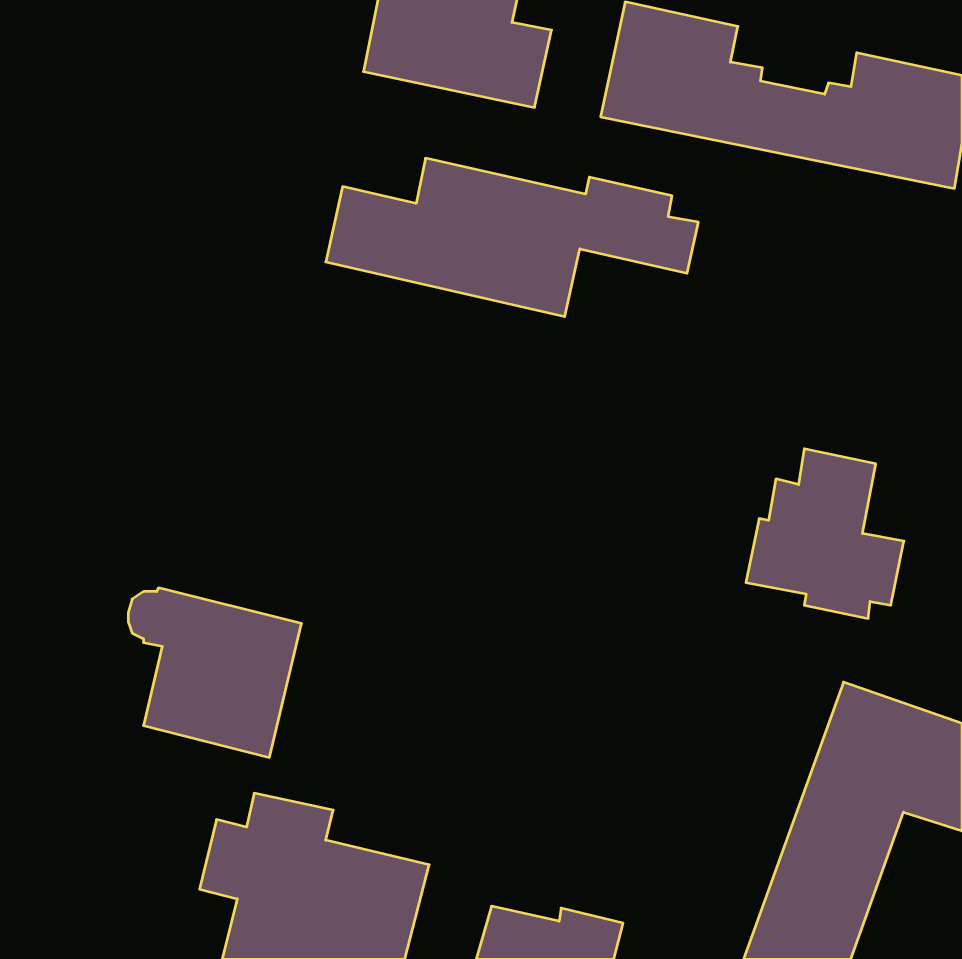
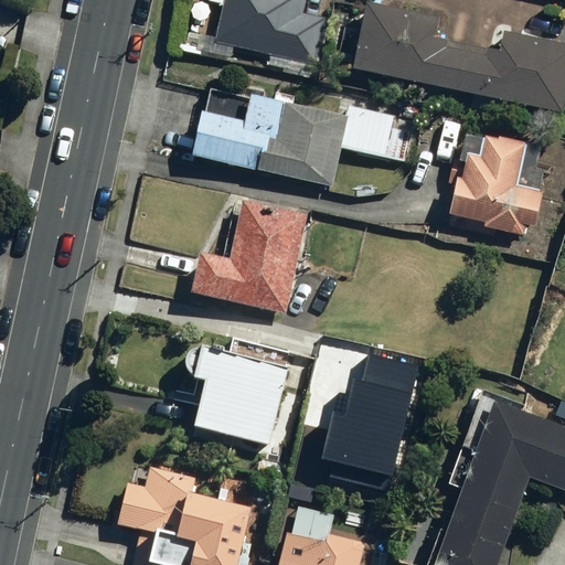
building: none -> [192,199,306,312]
building: [746,449,904,618] -> [449,135,542,234]
building: [128,588,302,757] -> [186,344,288,444]
building: none -> [327,361,425,490]

